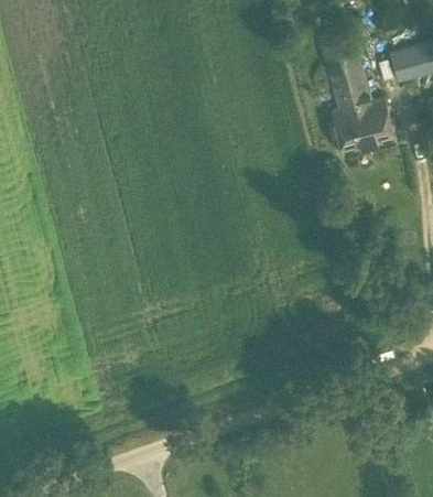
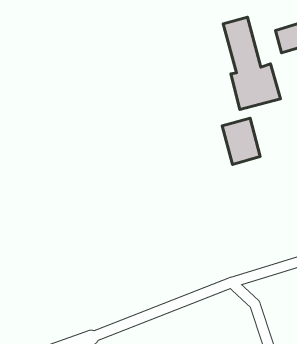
building: none -> [222,118,260,165]

